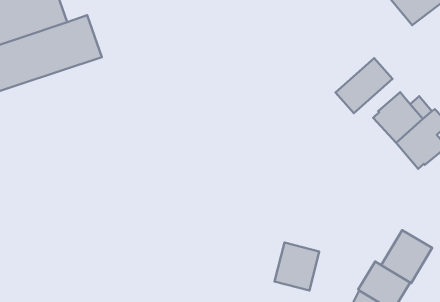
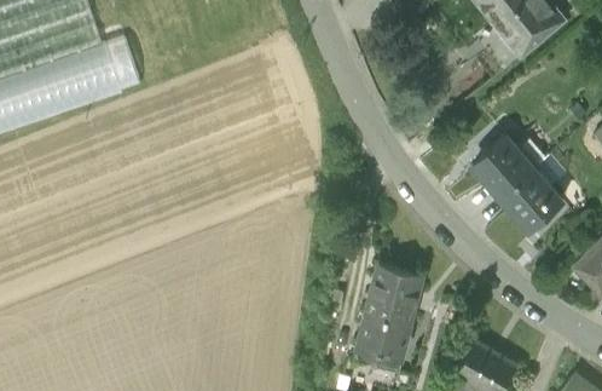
building: [336,58,393,113] -> none
building: none -> [365,263,421,326]
building: [381,230,432,283] -> none

